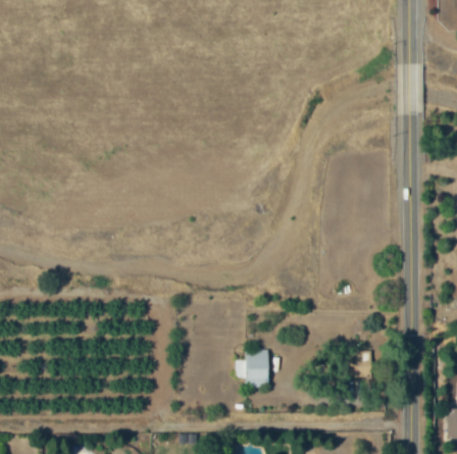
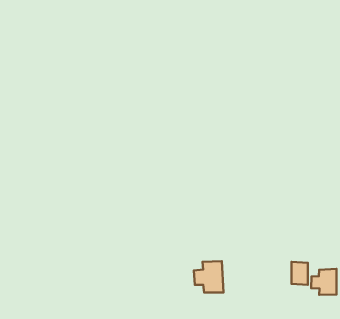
building: none -> [311,269,337,295]

